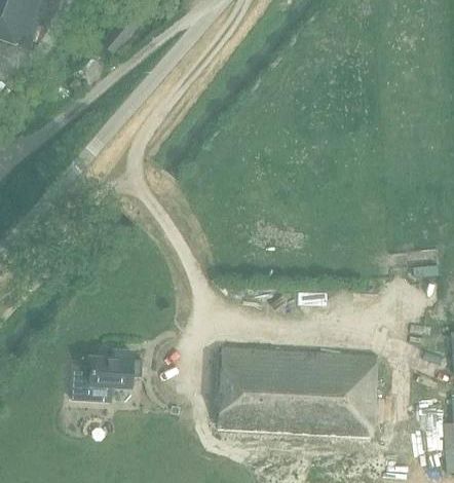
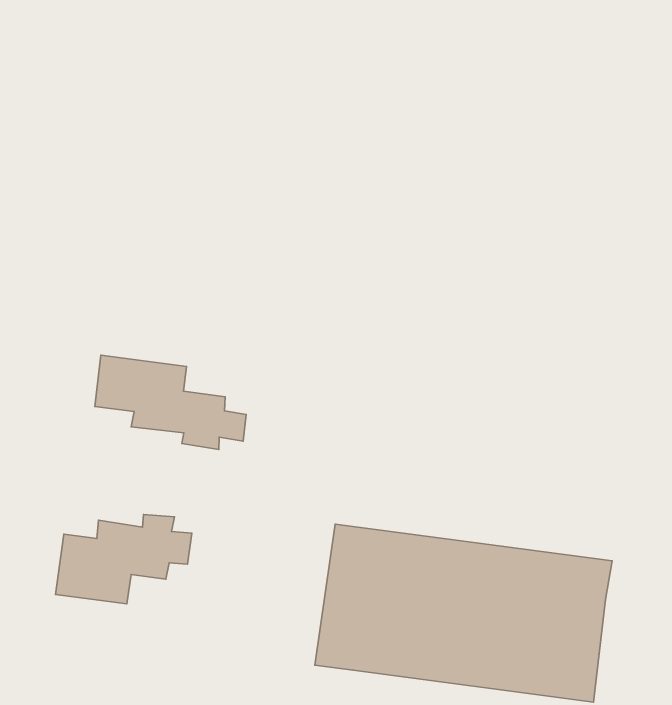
building: none -> [95,355,246,450]

